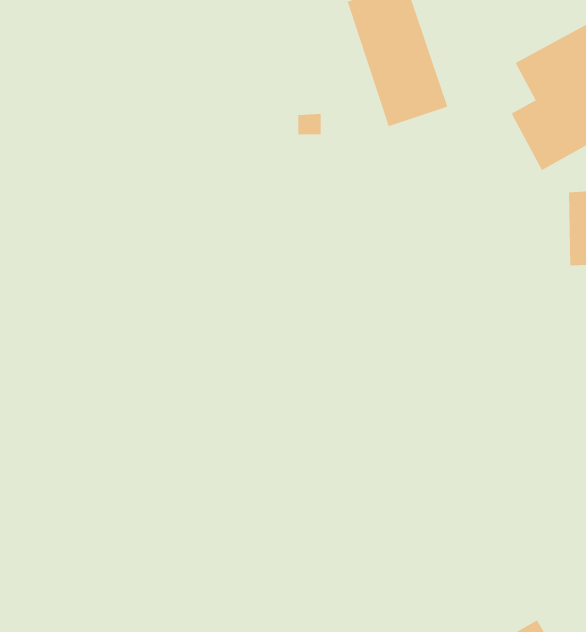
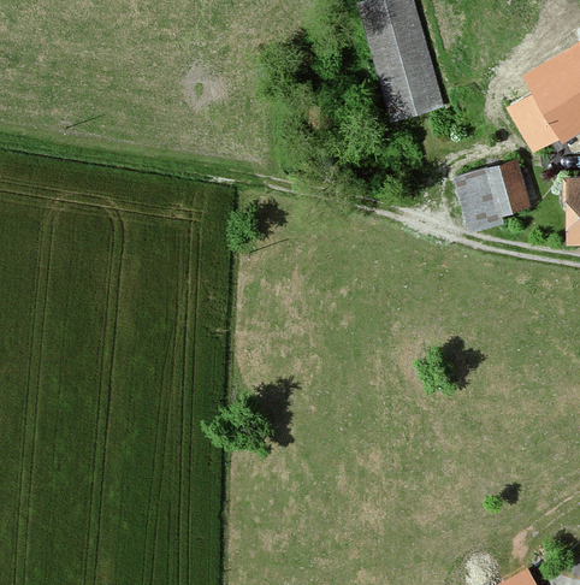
building: none -> [454,162,532,234]

